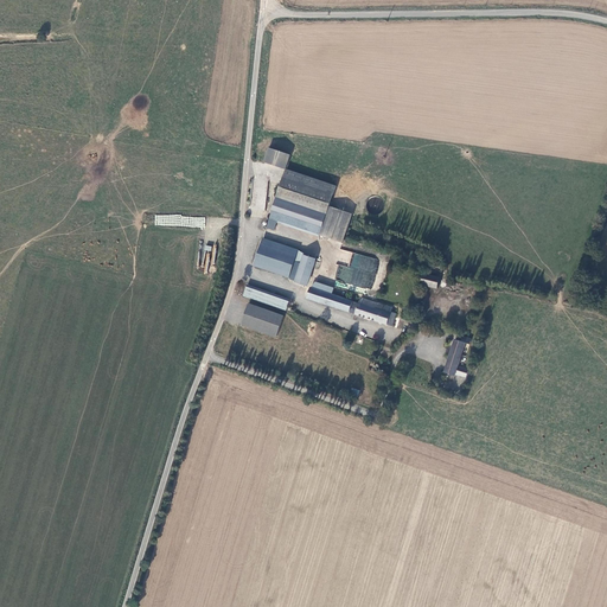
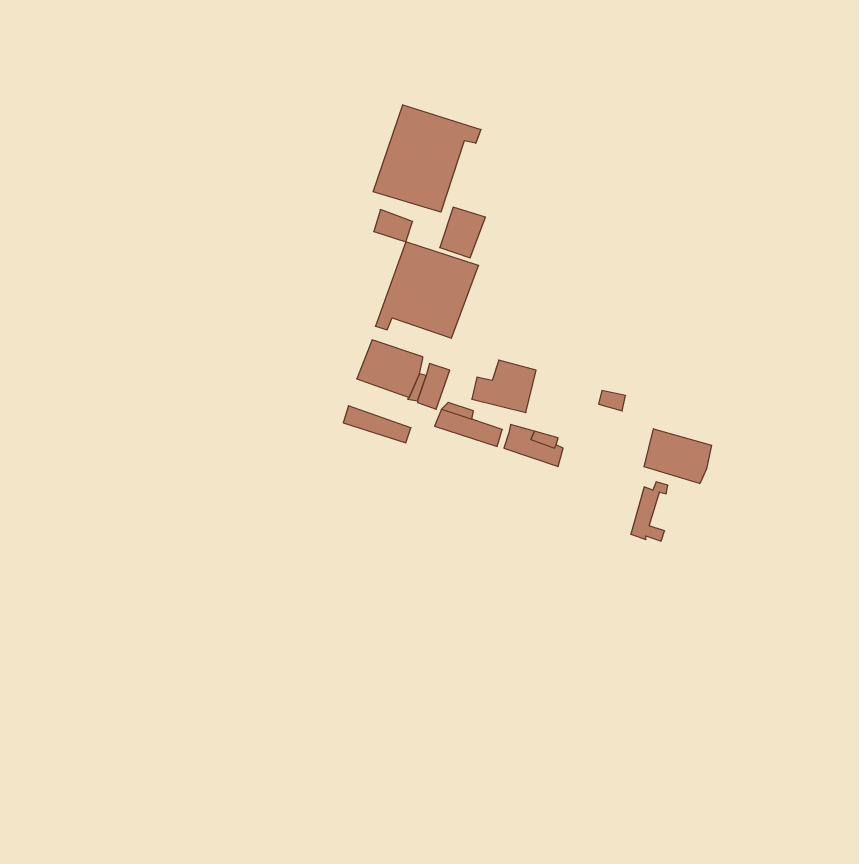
building: none -> [373,105,481,212]
building: [320,207,352,243] -> [440,207,485,258]
building: none -> [644,429,711,484]
building: [241,304,283,337] -> none

